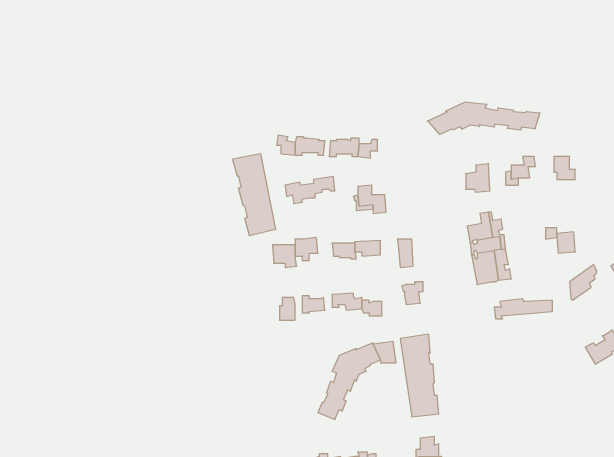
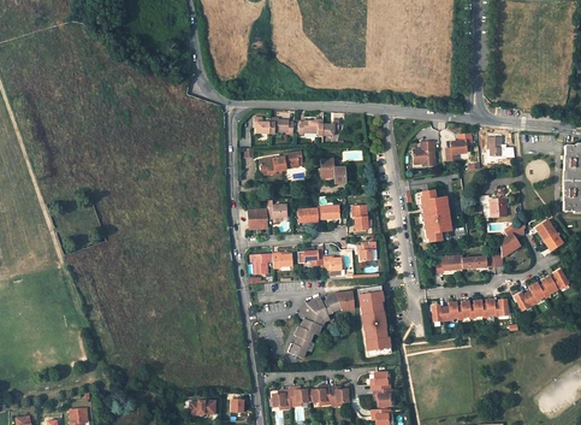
building: [427,102,540,134] -> none
building: [233,154,276,236] -> none
building: none -> [433,299,509,321]

